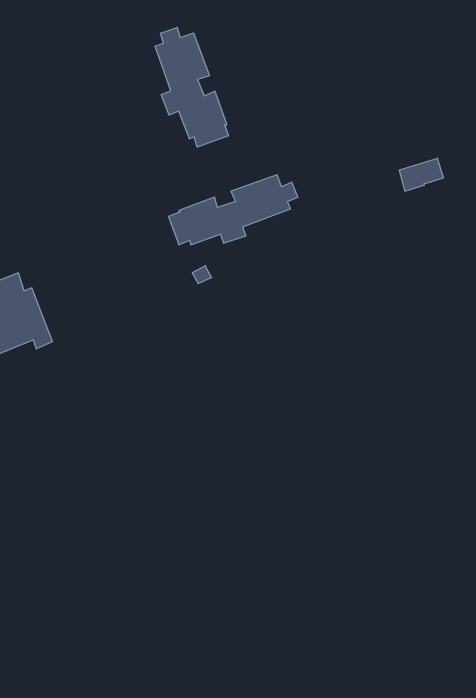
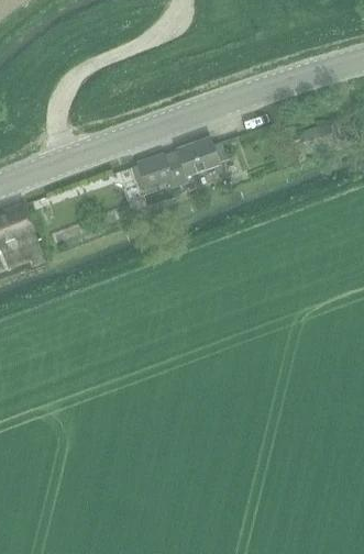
building: [155,27,228,147] -> none

